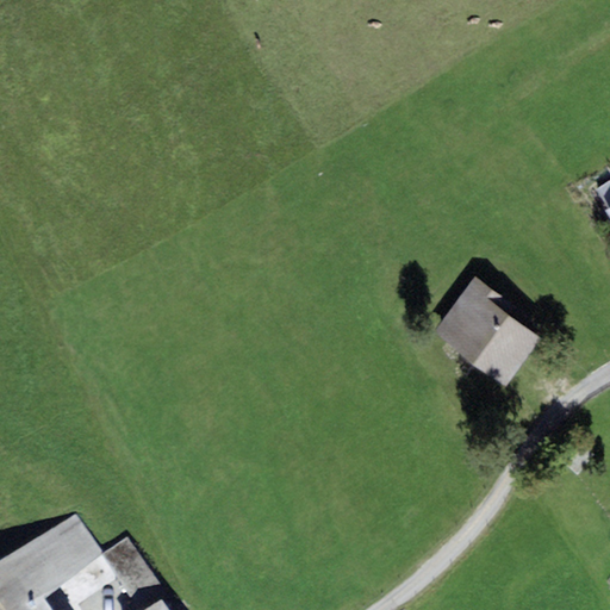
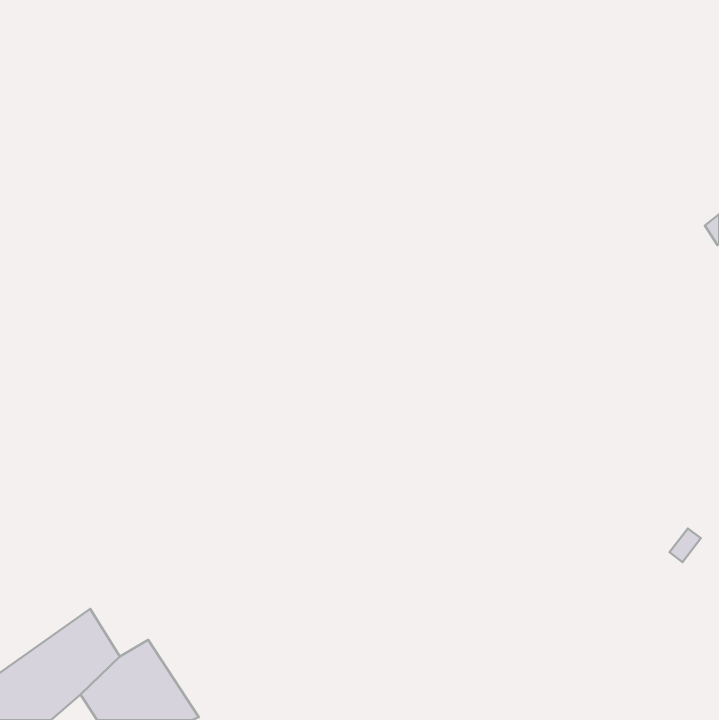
building: [432,276,540,386] -> none

